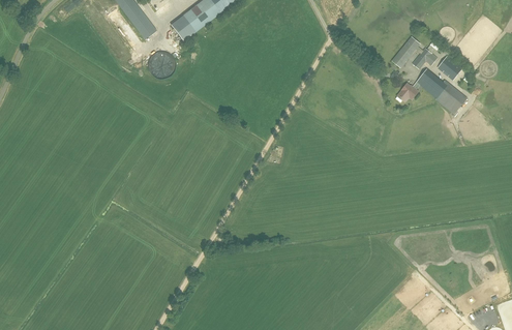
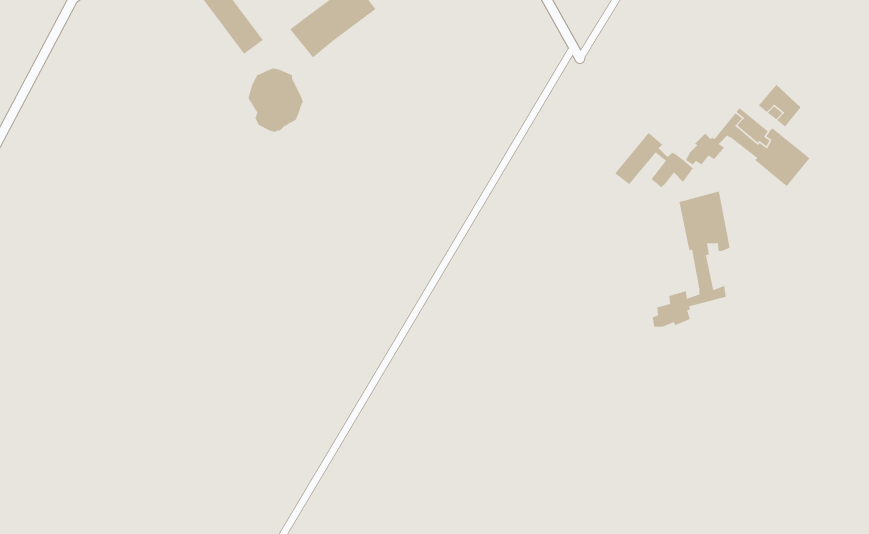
building: [392,36,438,68] -> [614,132,694,188]
building: none -> [652,190,731,328]

